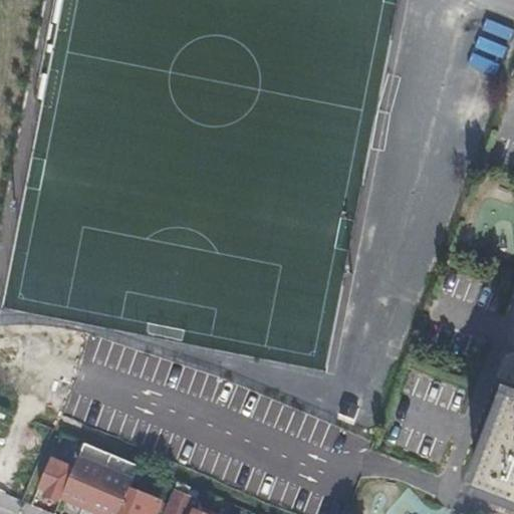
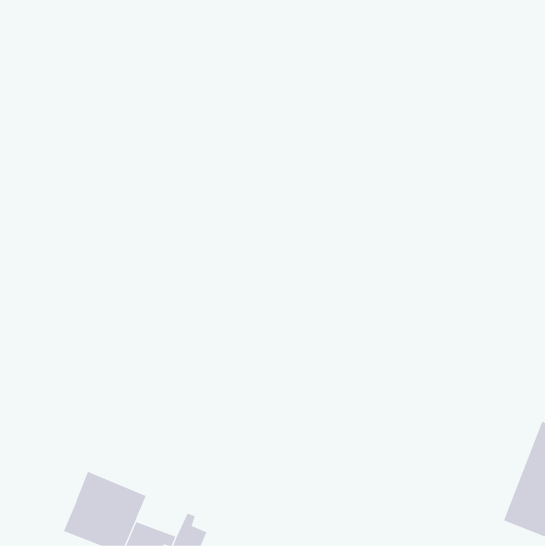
building: [38,458,73,501] -> none

